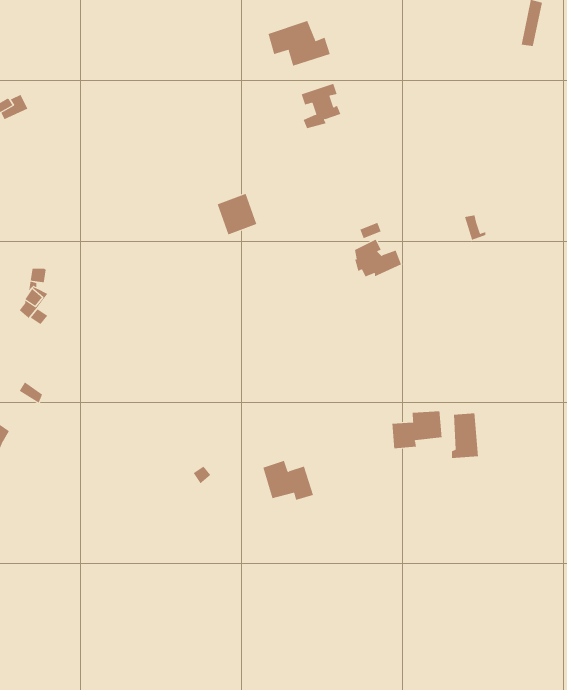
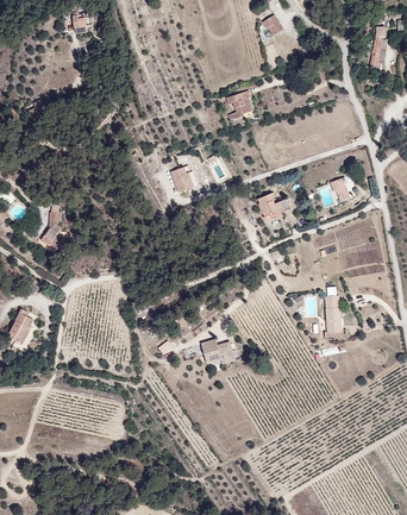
building: [268,20,331,67] -> none
building: [392,410,442,449] -> none

